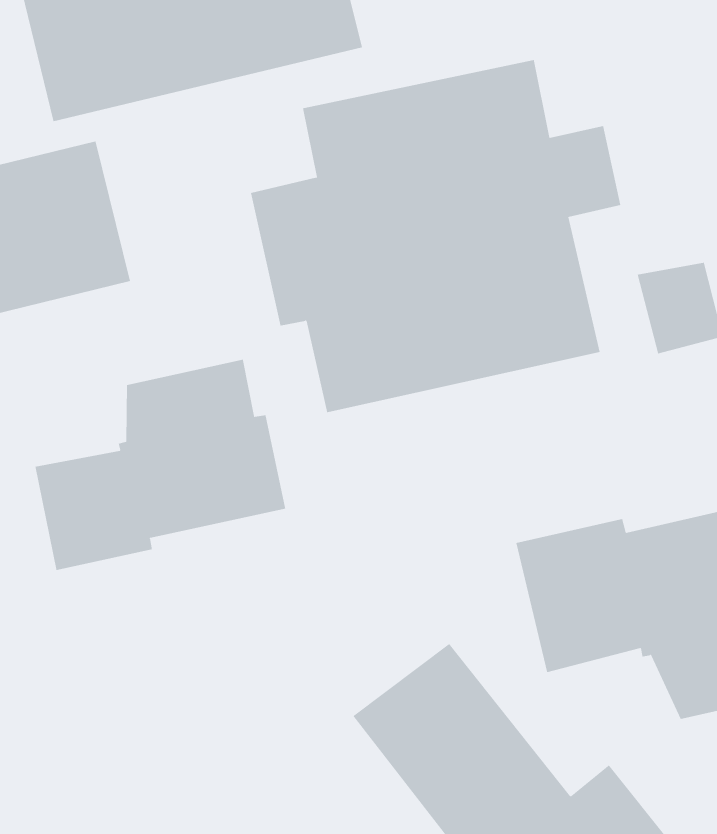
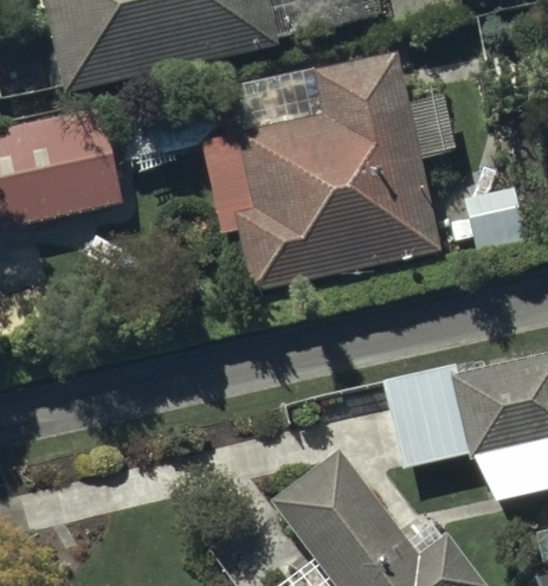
building: [35,359,286,571] -> none

